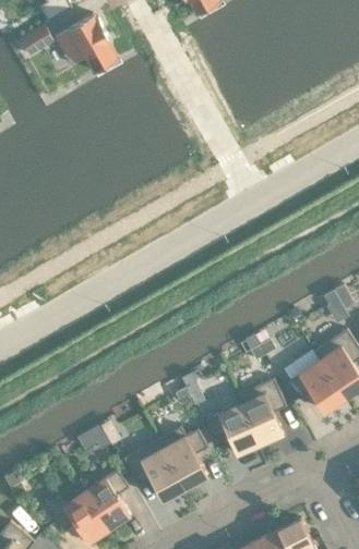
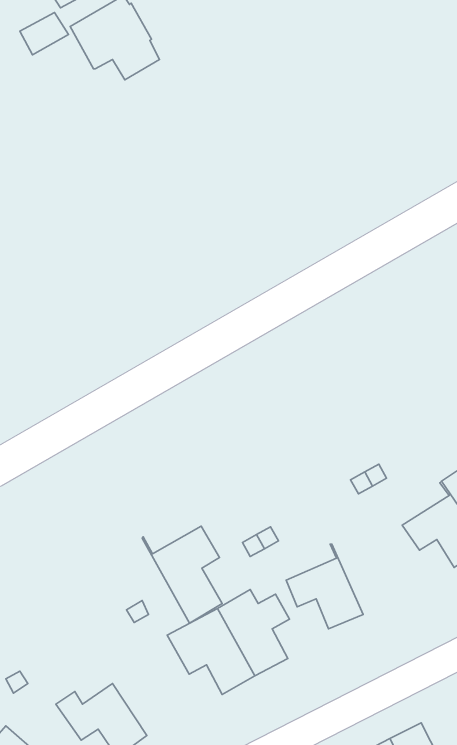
building: [237,380,286,448] -> none
building: none -> [142,526,222,623]
building: [84,472,130,529] -> none

